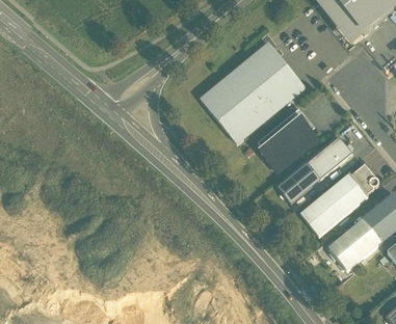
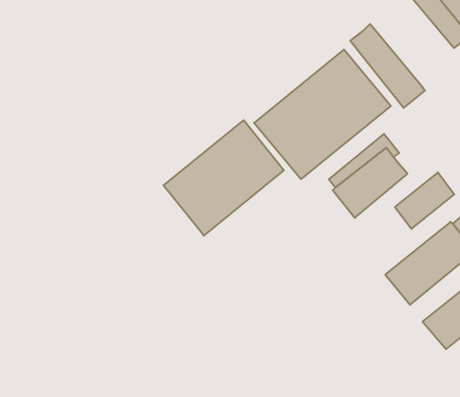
building: none -> [350,24,425,108]
building: none -> [164,120,284,236]
building: [276,161,319,201] -> none

